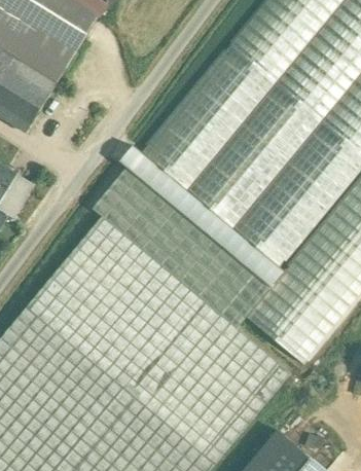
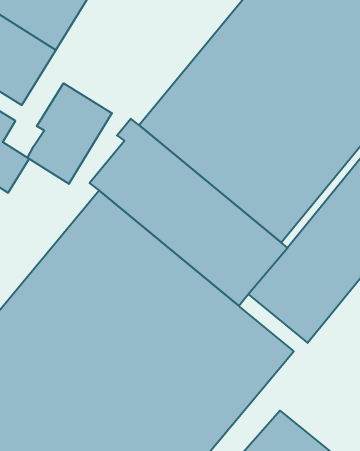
building: none -> [28,83,112,184]

